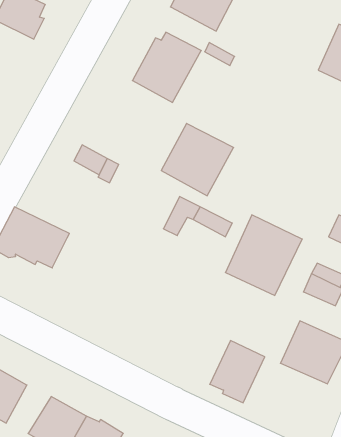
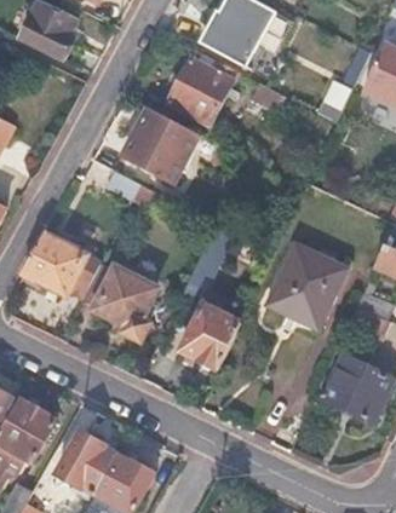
building: [161,123,234,196] -> [120,105,196,181]
building: none -> [81,267,154,338]
building: [210,341,265,403] -> [180,306,239,371]

